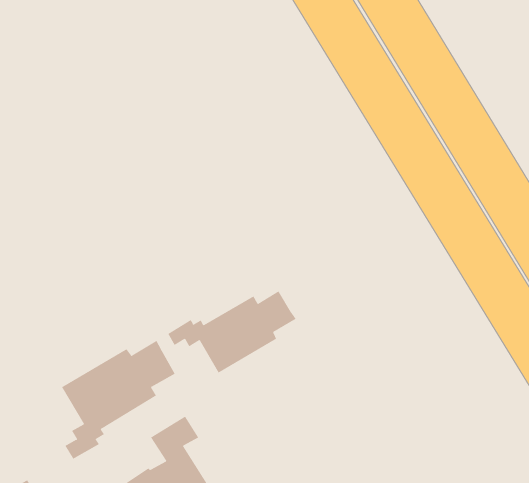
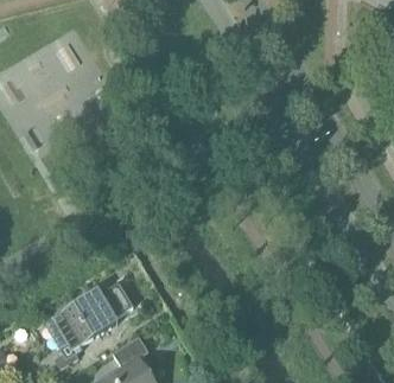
building: [168,291,297,374] -> none

